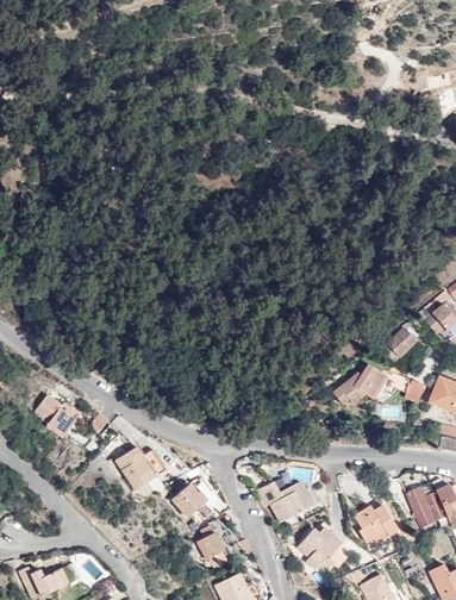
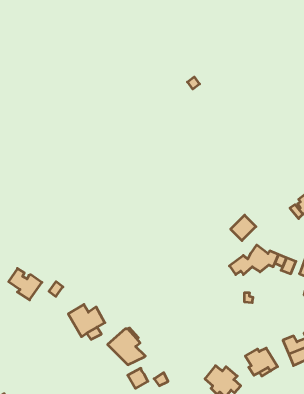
building: [383,325,418,360] -> [231,215,256,241]
building: [264,479,318,520] -> none

